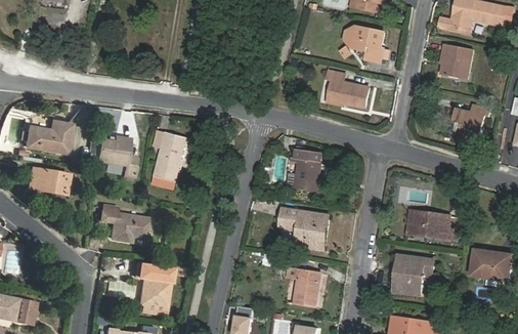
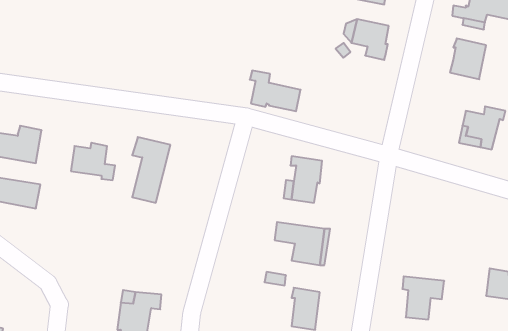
building: [326,68,372,105] -> [250,71,301,111]
building: [98,205,148,242] -> none
building: [405,207,456,234] -> none

